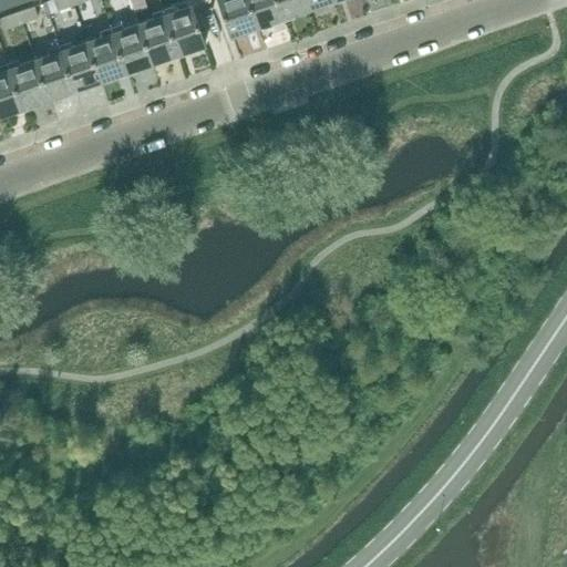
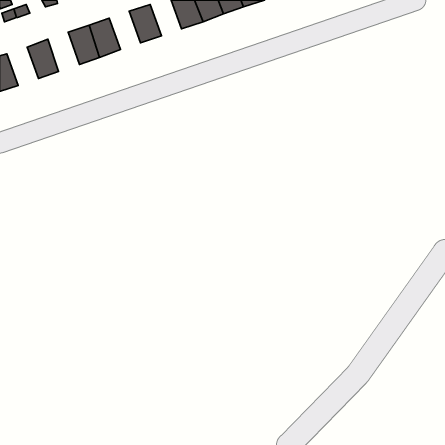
building: [138,14,178,63] -> none
building: [61,41,101,91] -> none
building: [9,60,49,109] -> none

